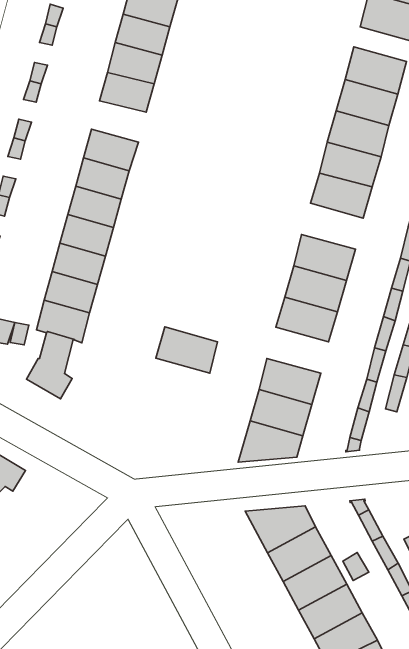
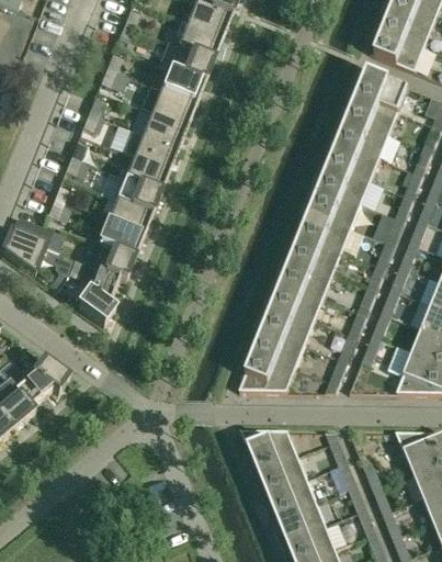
building: none -> [149,89,194,125]
building: none -> [307,189,358,229]
building: [156,327,217,373] -> [269,284,319,325]

